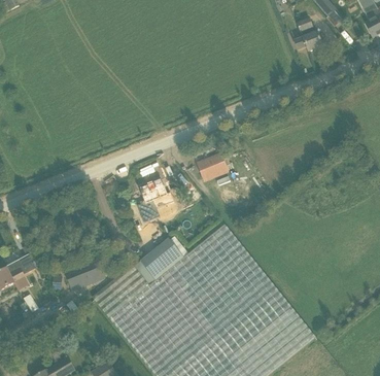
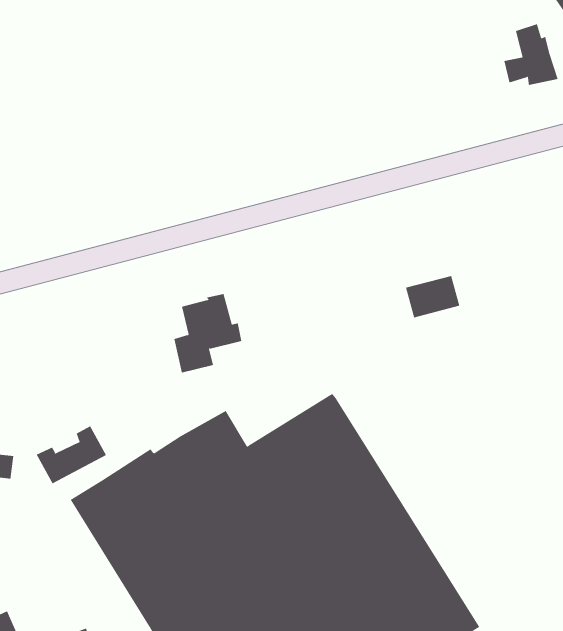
building: [197,153,227,178] -> [405,275,460,318]

